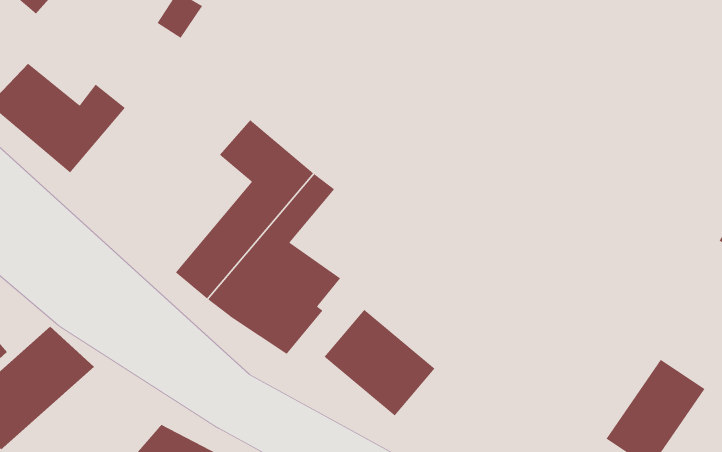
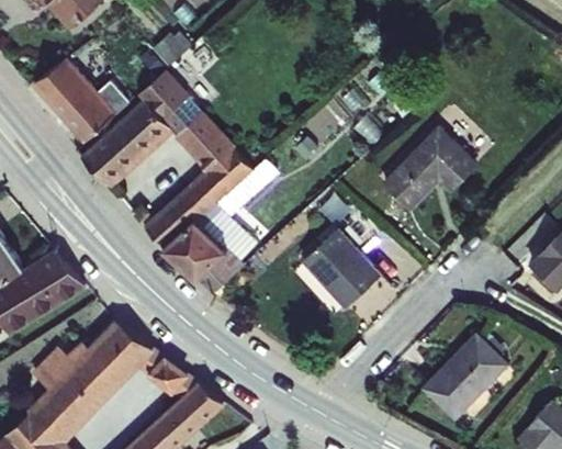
building: none -> [83,72,212,187]
building: none -> [382,126,473,206]
building: [324,309,435,416] -> [303,228,380,306]

